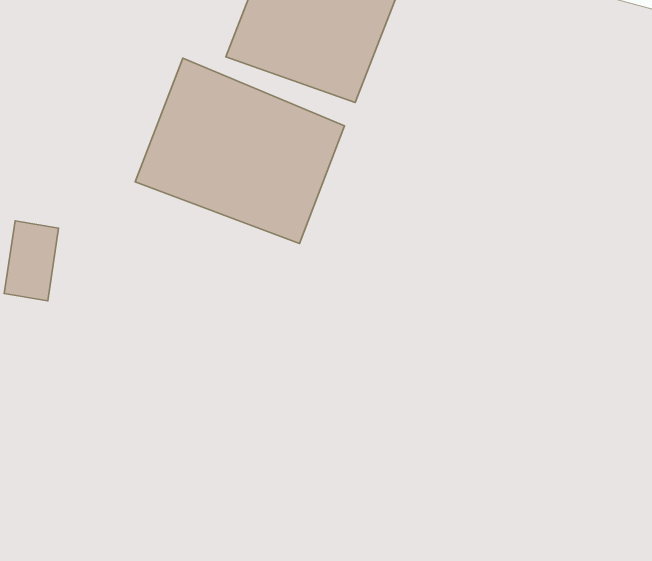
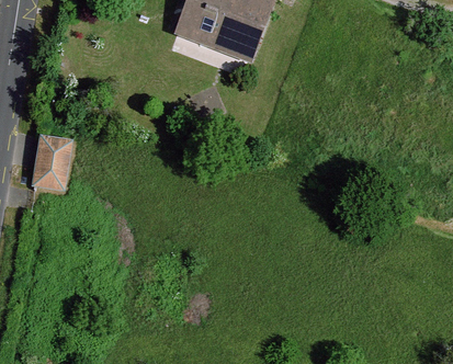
building: [135,58,345,244] -> none

